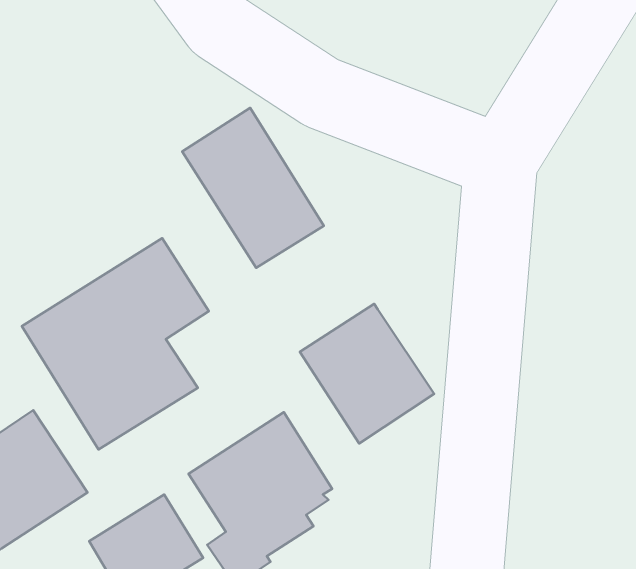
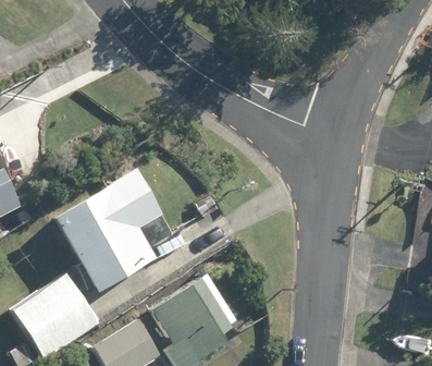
building: [182,108,324,268] -> none
building: [300,304,434,444] -> none

